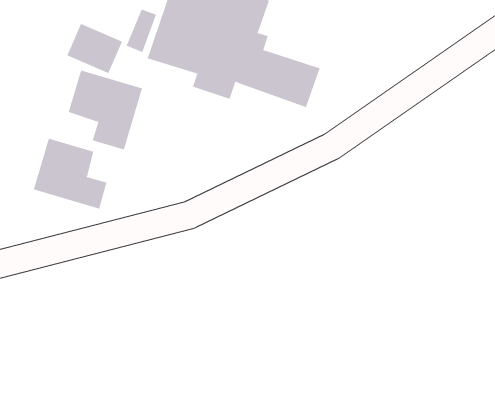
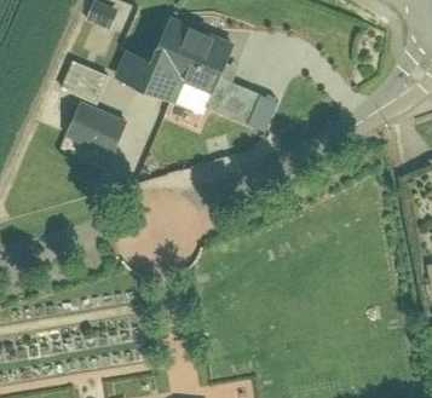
building: [33,138,107,209] -> none

